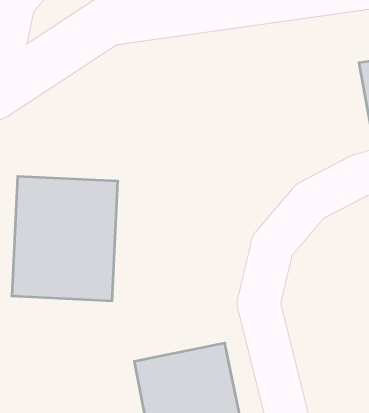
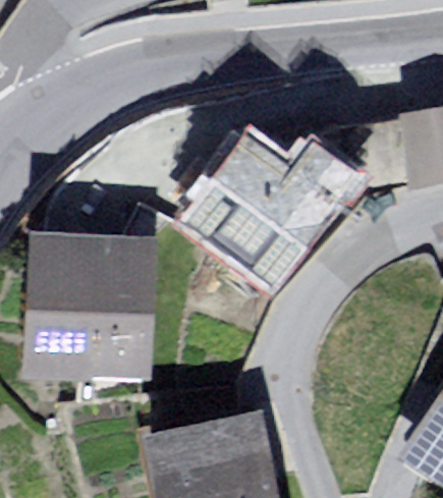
building: none -> [203,143,356,275]

